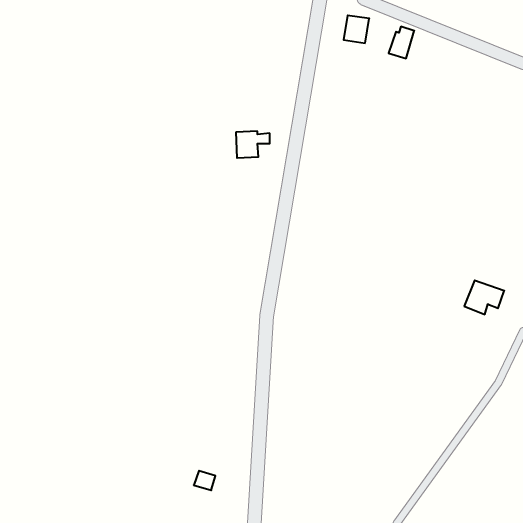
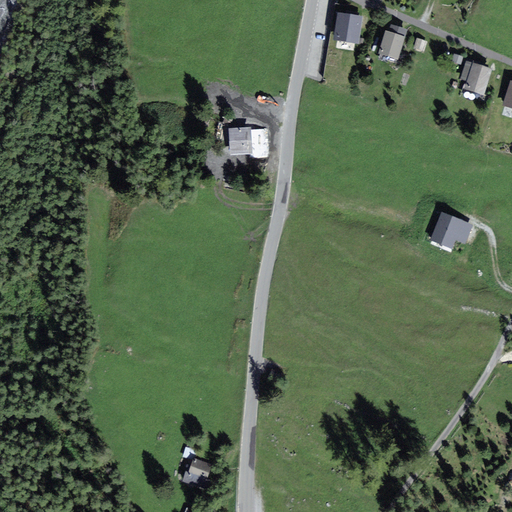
building: none -> [466,64,490,93]
building: [464,280,504,314] -> [431,214,470,247]

